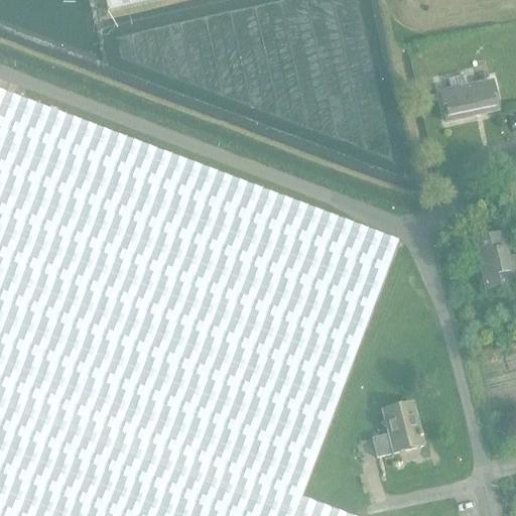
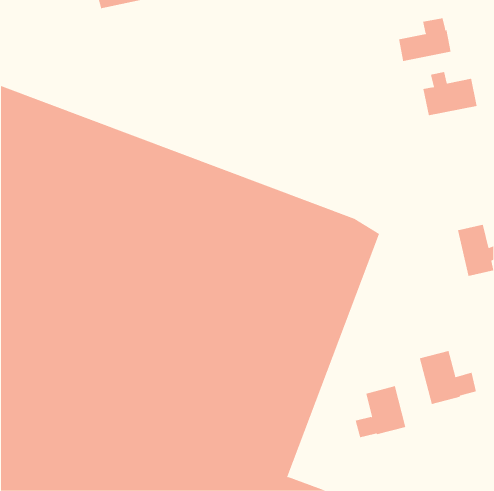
building: none -> [398,17,451,62]
building: none -> [419,350,476,405]

